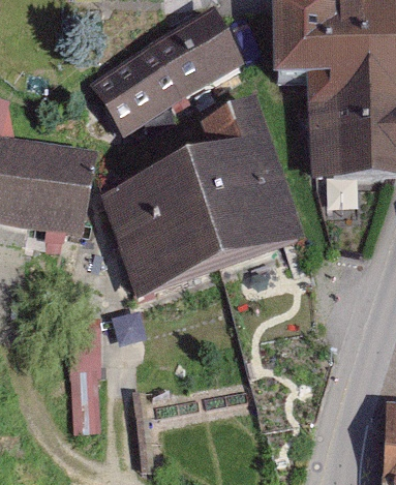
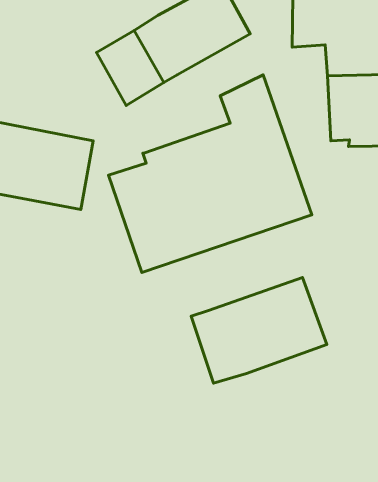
building: none -> [191,278,327,383]

